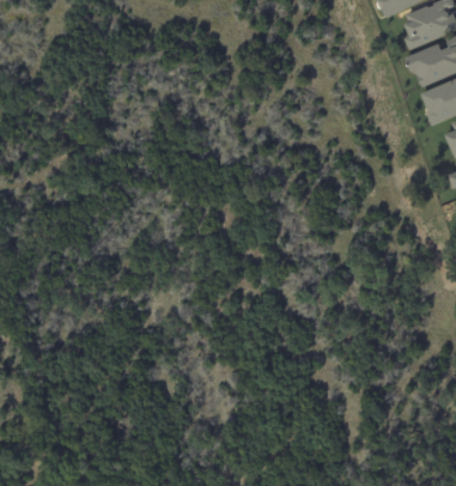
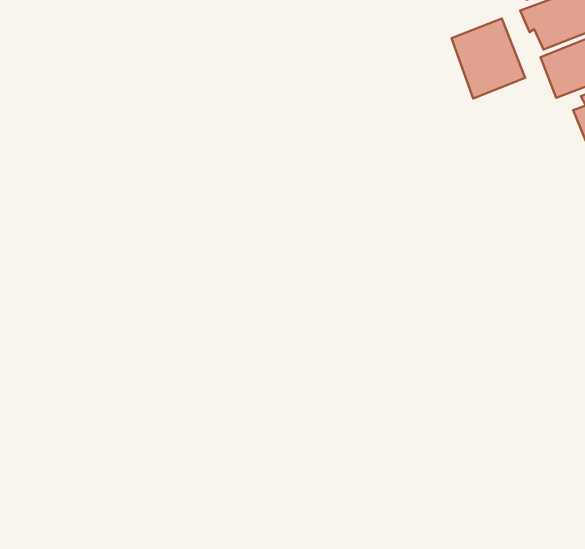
building: none -> [451,19,525,99]

